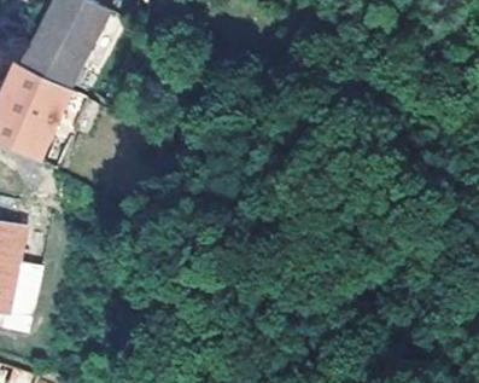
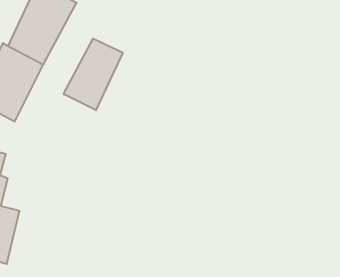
building: none -> [64,39,123,110]

